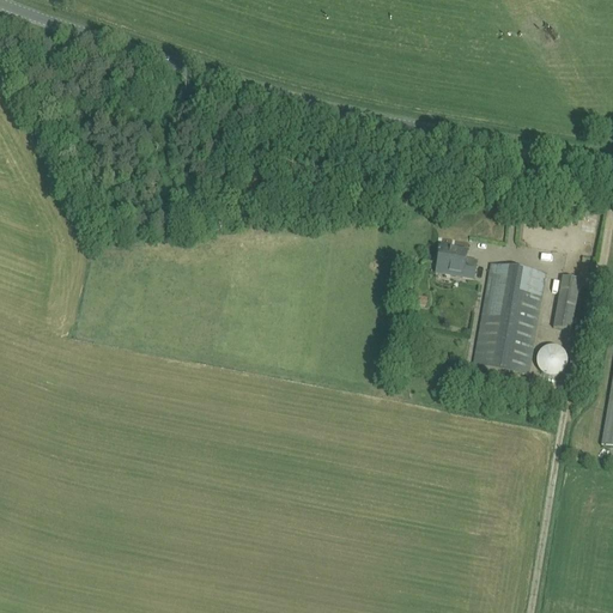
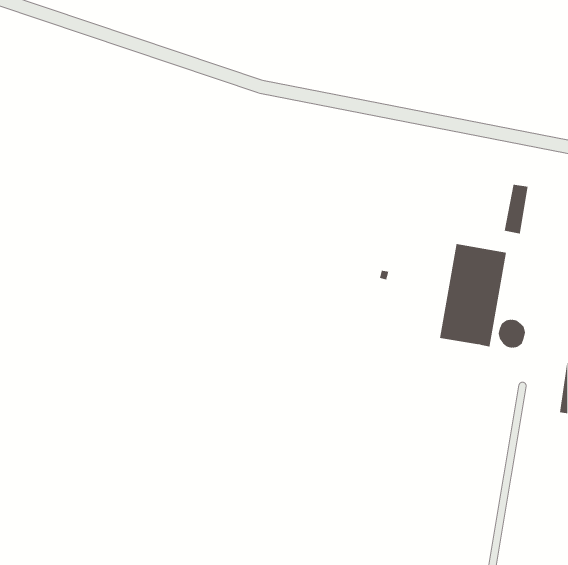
building: [437,243,477,278] -> none
building: [553,275,579,329] -> [504,184,528,234]

